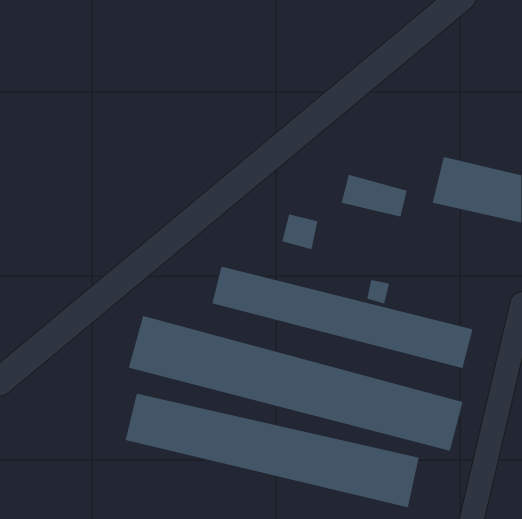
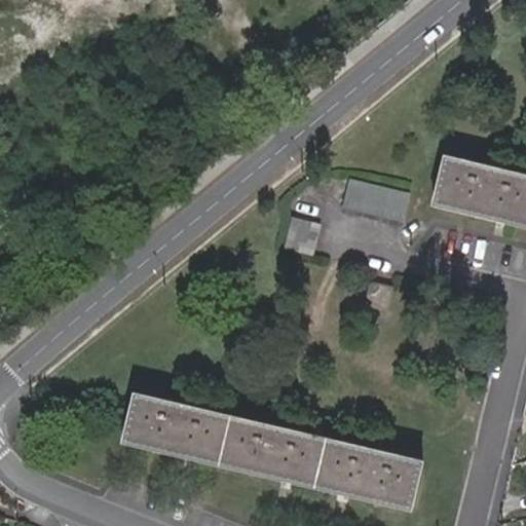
building: [212,266,473,369] -> none
building: [128,315,463,452] -> none

